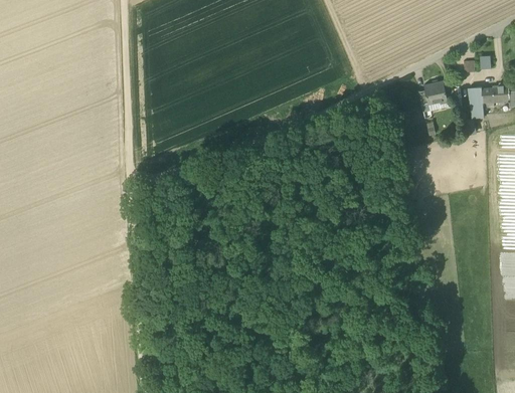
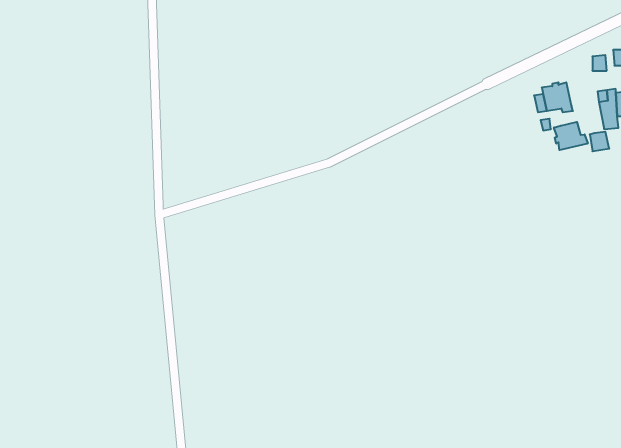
building: none -> [554,122,588,150]

